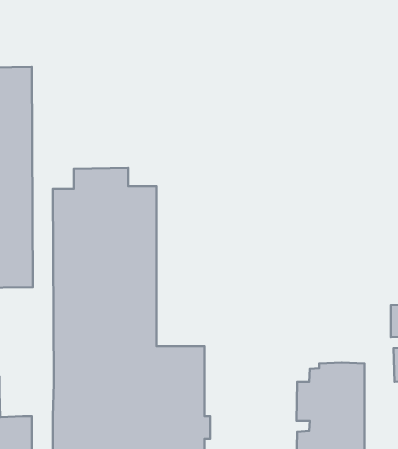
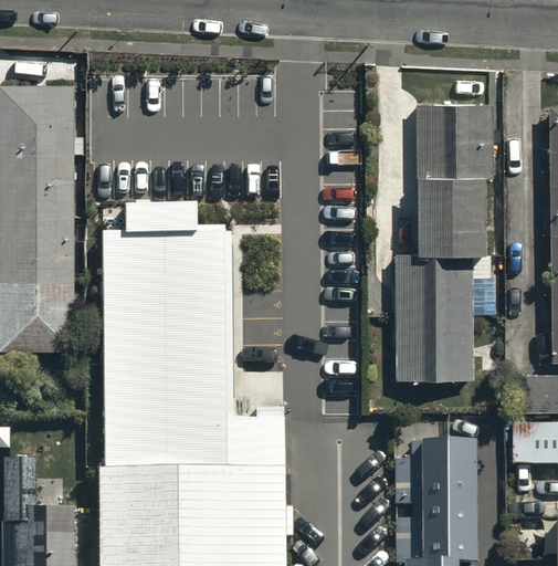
building: none -> [394,99,494,377]

